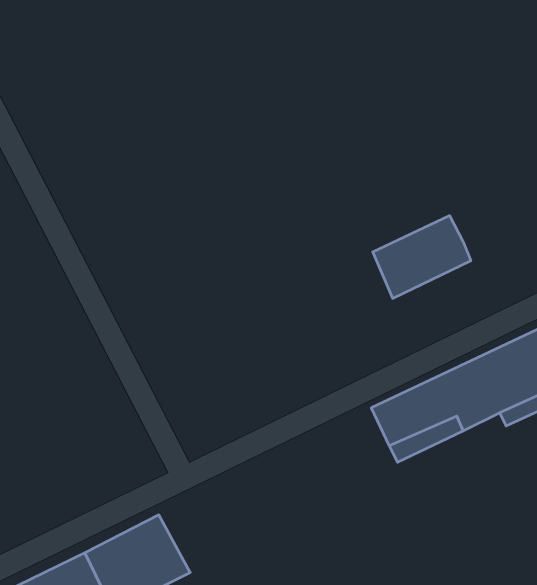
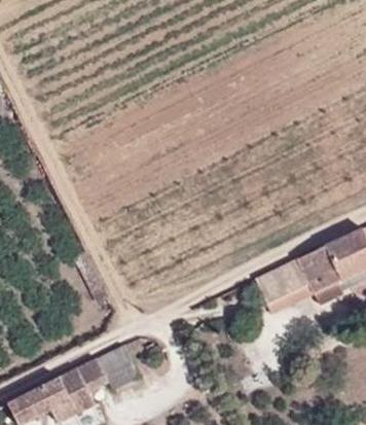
building: [373,216,471,298] -> none

